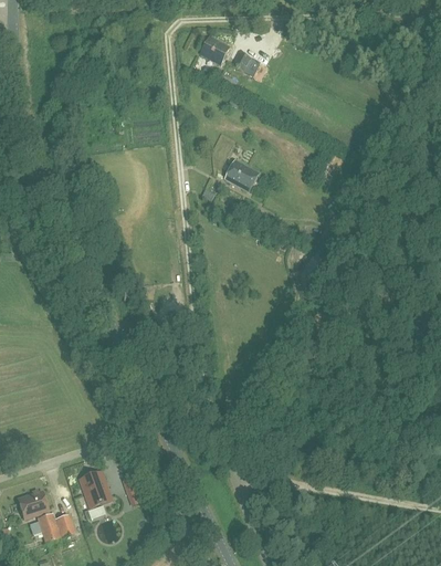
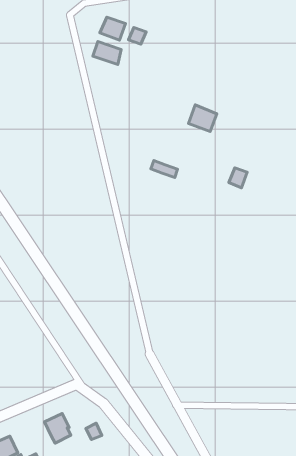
building: none -> [93,41,121,64]
building: [225,159,259,191] -> [189,105,217,132]

